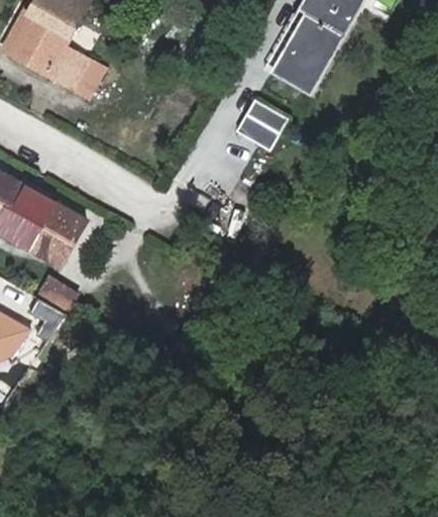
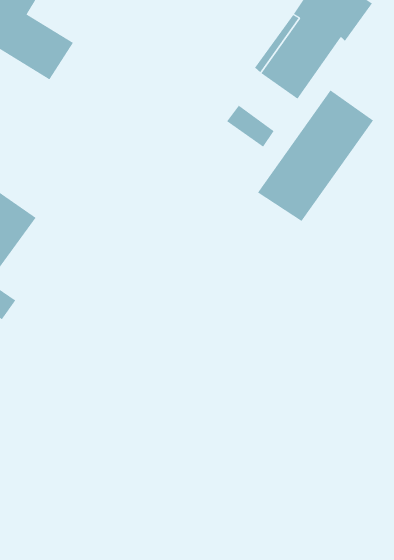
building: none -> [257,90,374,222]

